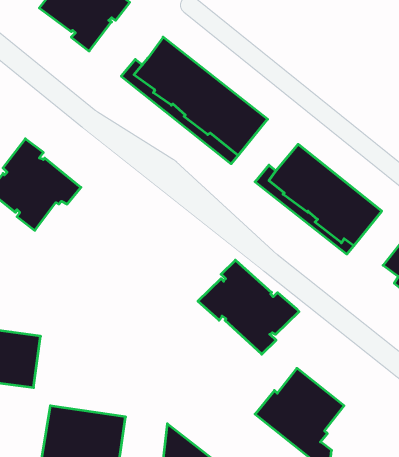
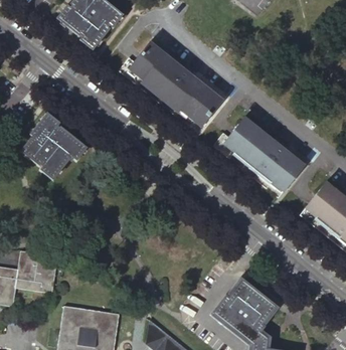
building: [198,260,299,354] -> none

